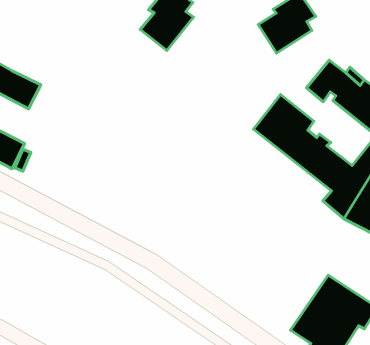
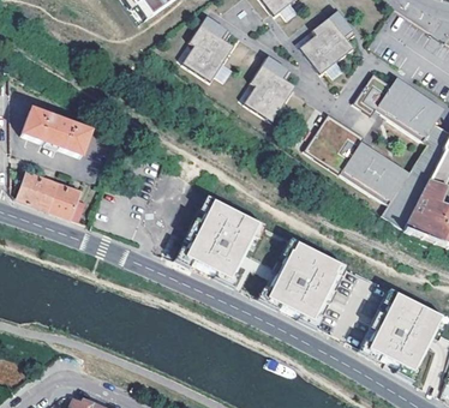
building: none -> [245,56,297,122]
building: none -> [176,190,263,276]
building: none -> [265,236,349,323]

